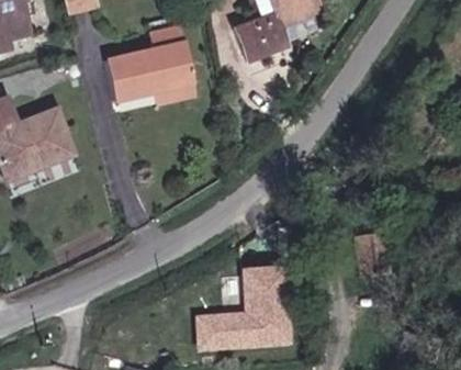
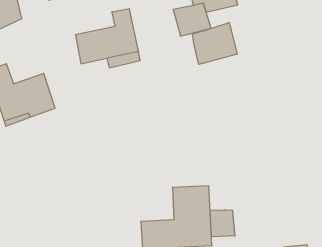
building: none -> [192,22,237,64]
building: none -> [210,210,235,237]

